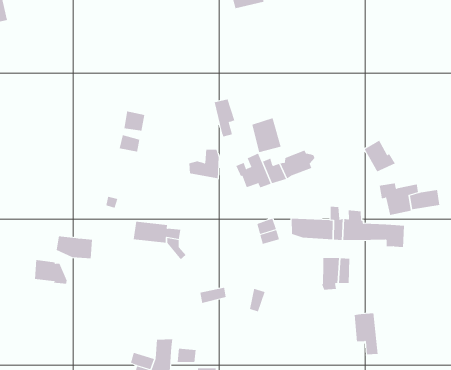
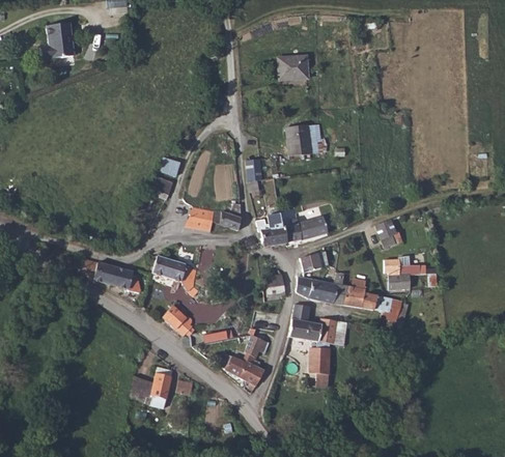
building: [252,118,282,153] -> [288,124,312,154]
building: none -> [186,206,214,231]
building: none -> [300,251,327,273]
building: none -> [289,304,320,341]
building: [34,260,67,284] -> [111,266,141,293]
building: none -> [163,305,192,336]
building: none -> [223,352,264,384]
building: [354,313,379,355] -> [309,347,330,387]

